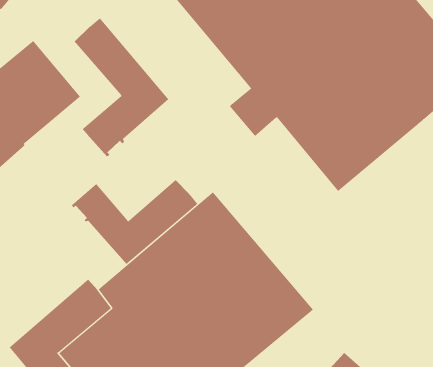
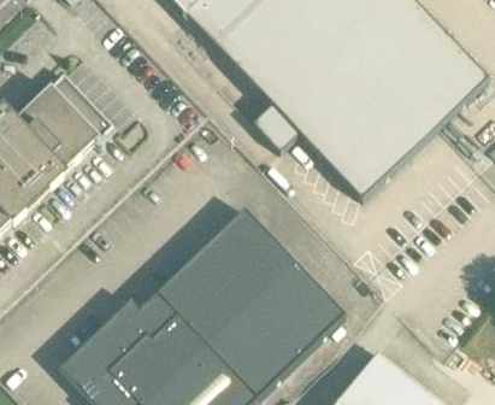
building: [74,18,169,157] -> none
building: [71,179,198,265] -> none

